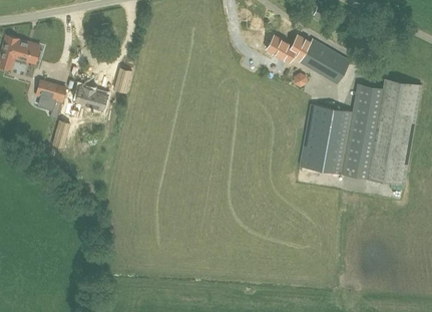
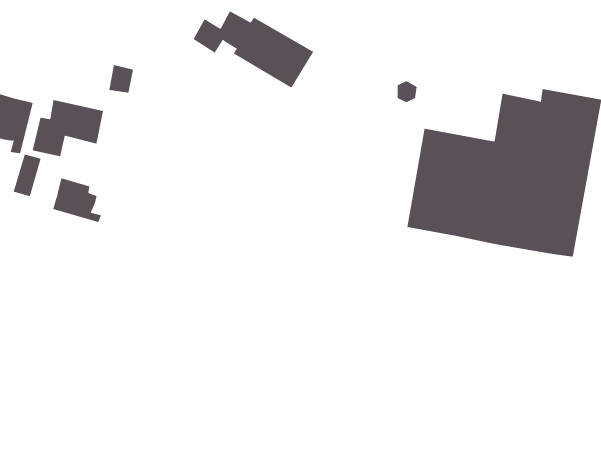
building: [274,34,350,83] -> [193,11,314,89]
building: none -> [53,177,102,223]

